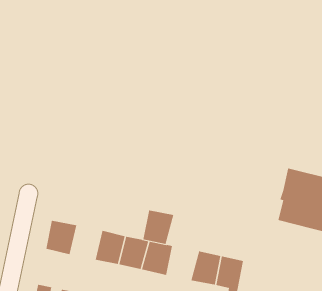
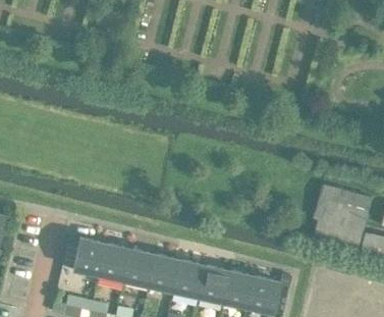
building: [143,210,174,245] -> [199,266,231,302]
building: none -> [99,245,131,280]

